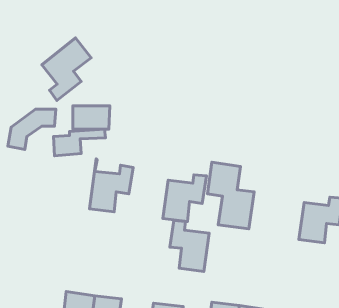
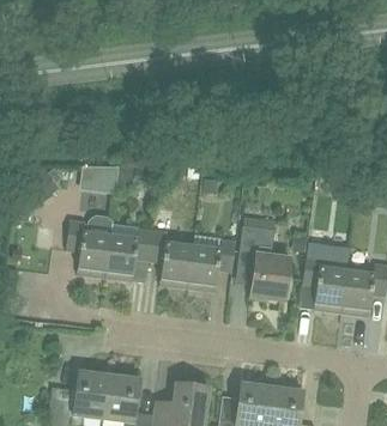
building: [42,38,91,100] -> none
building: none -> [66,212,111,273]
building: none -> [302,250,346,308]
building: [170,220,209,271] -> [149,226,193,284]

